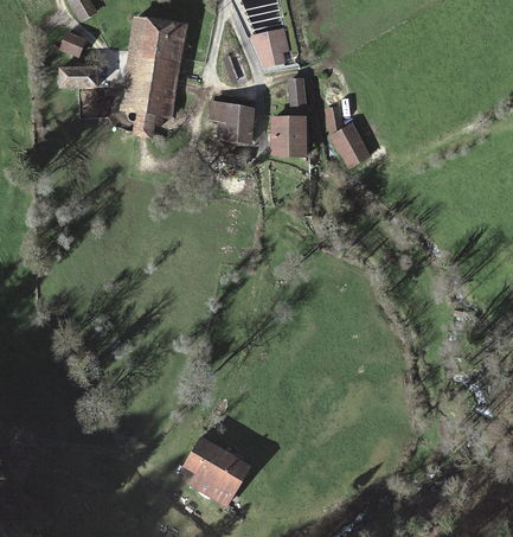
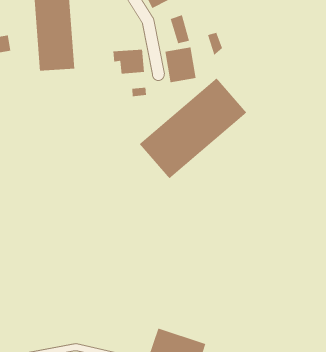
building: [331,122,363,159] -> none
building: none -> [139,77,247,179]

